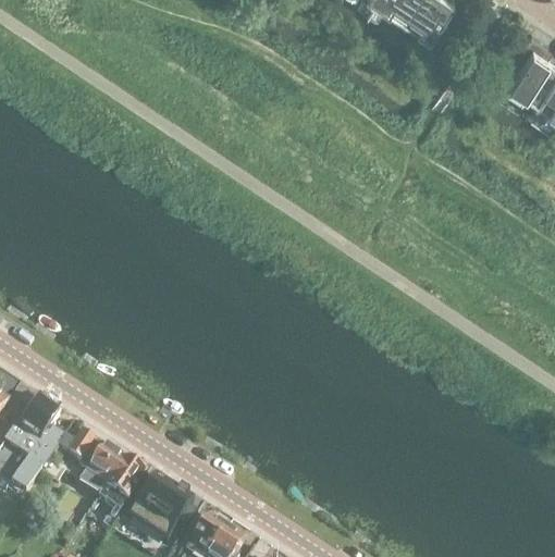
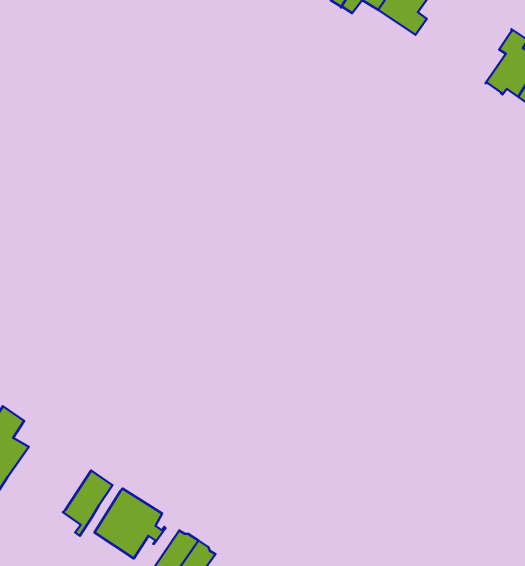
building: [40,432,121,498] -> none

